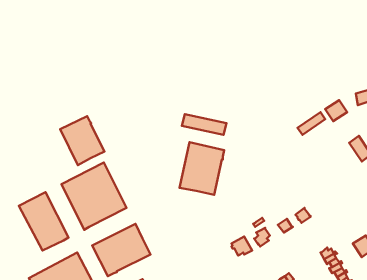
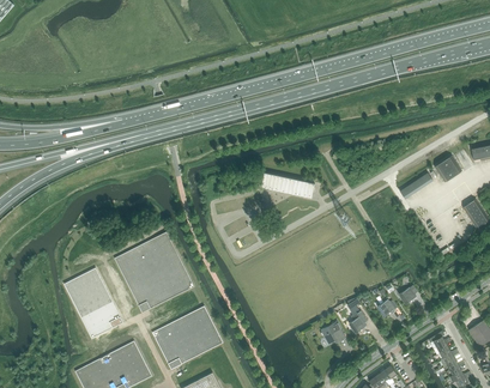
building: [60,116,104,165] -> none
building: [180,142,224,195] -> none

